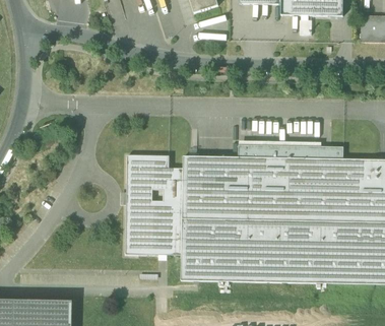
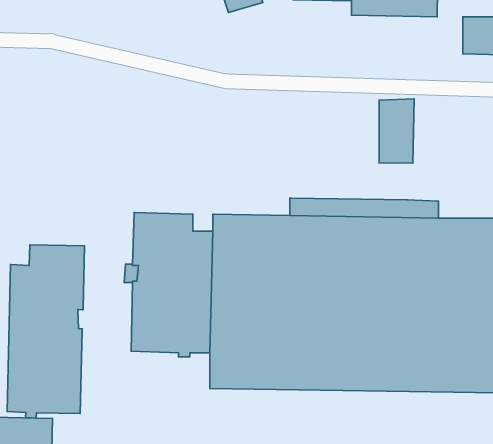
building: none -> [379,99,414,163]
building: none -> [7,245,84,418]

